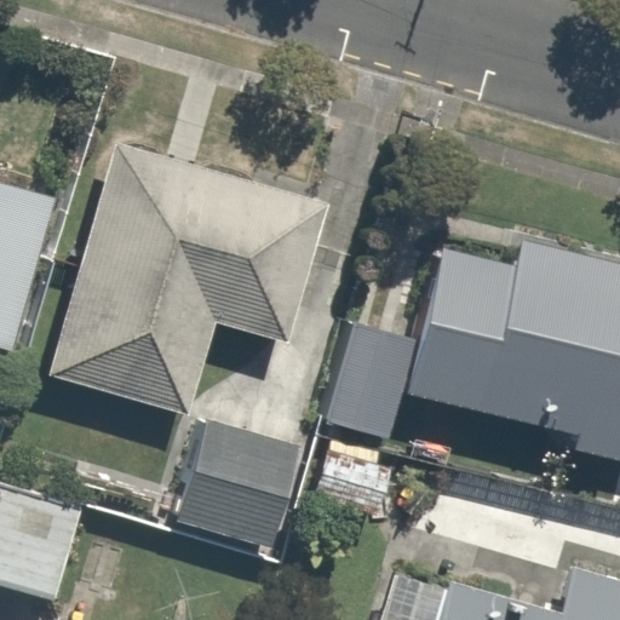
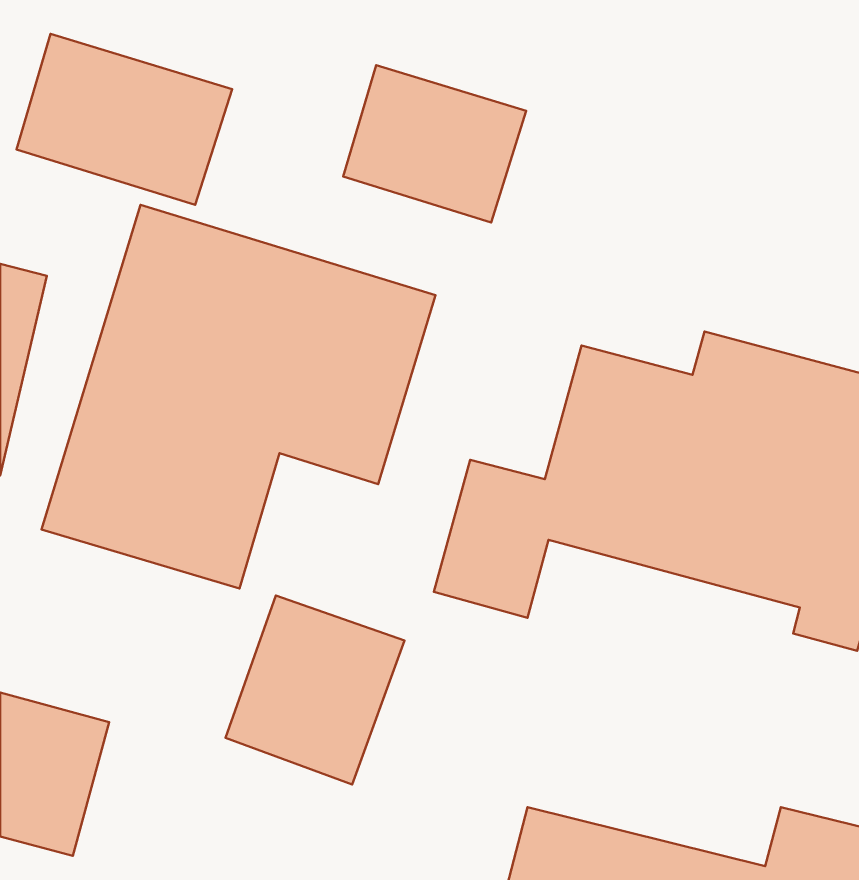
building: none -> [17,34,232,205]
building: none -> [343,65,526,222]

